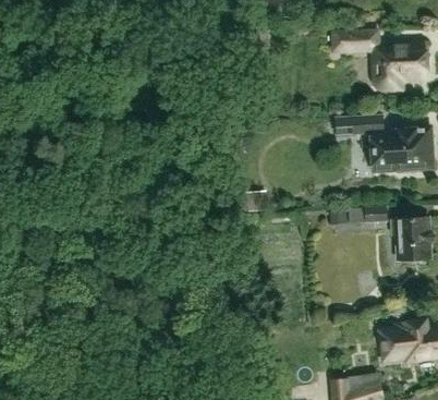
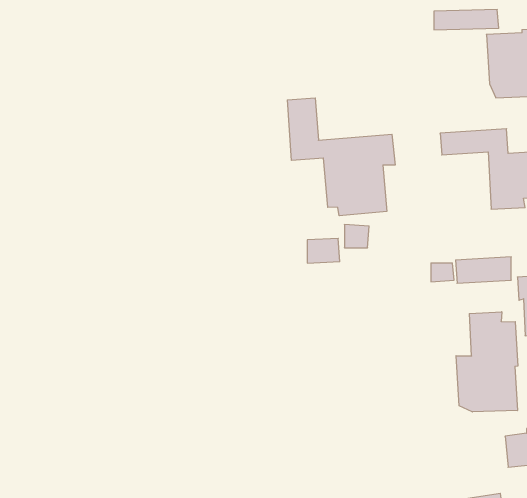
building: none -> [287,98,395,216]
building: none -> [456,312,518,412]

